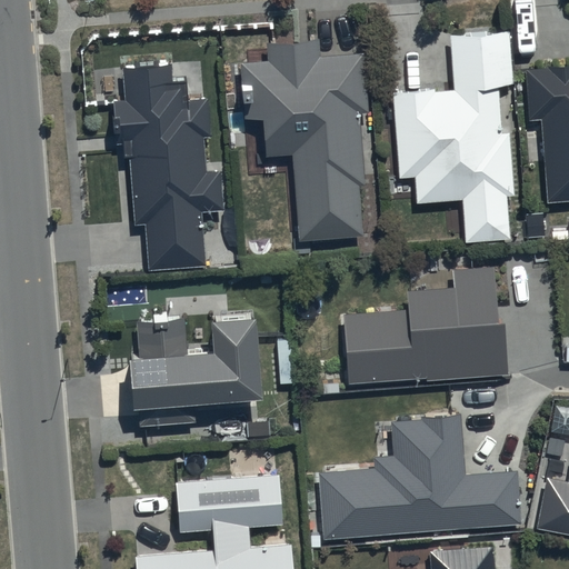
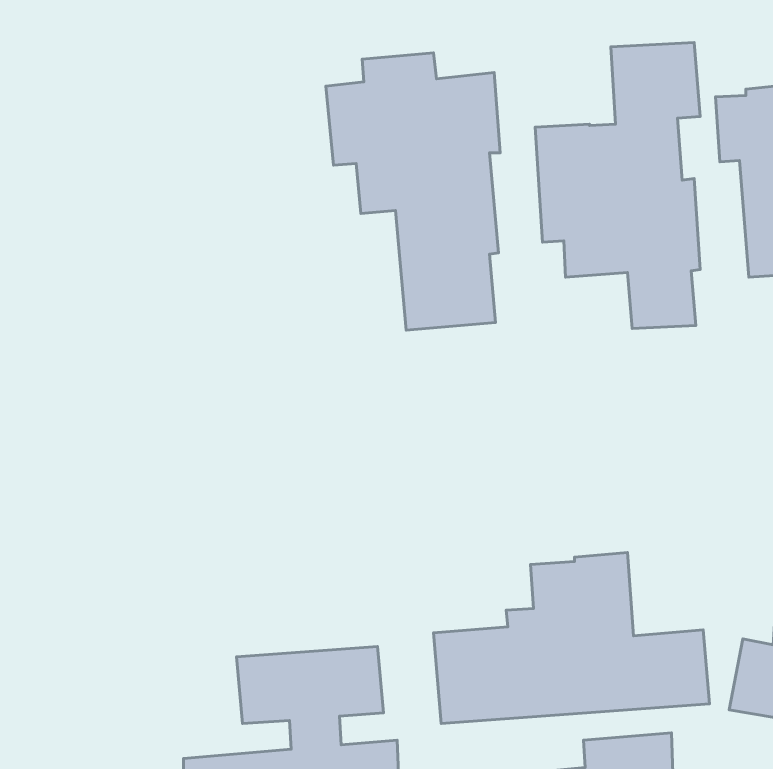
building: [114,68,223,273] -> none
building: [345,262,508,378] -> none
building: [129,321,261,430] -> none

